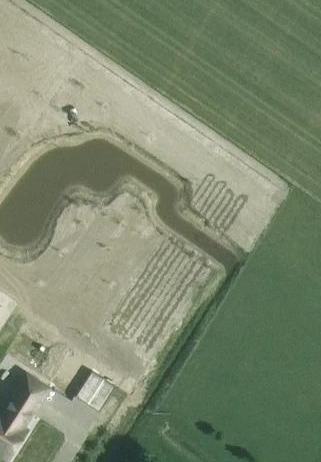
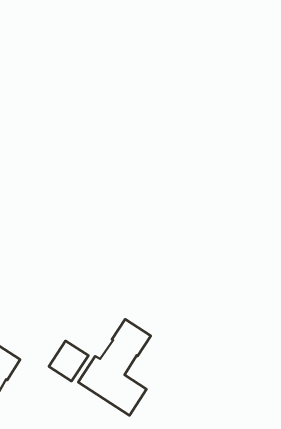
building: none -> [78,319,151,416]

